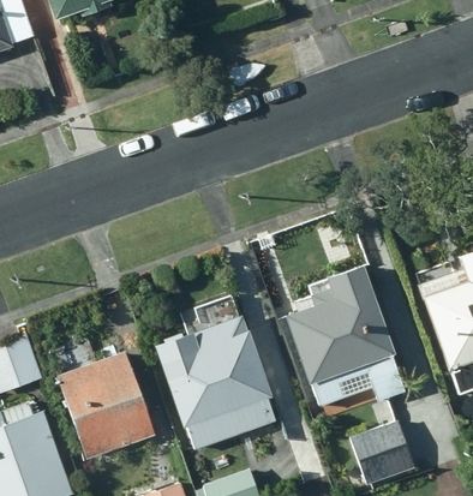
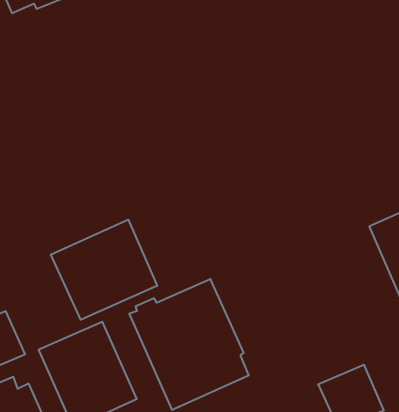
building: none -> [51,220,157,320]
building: [287,264,406,406] -> none

